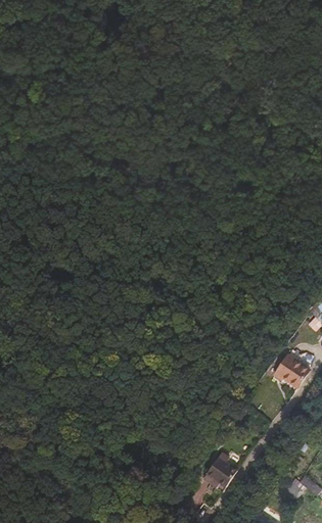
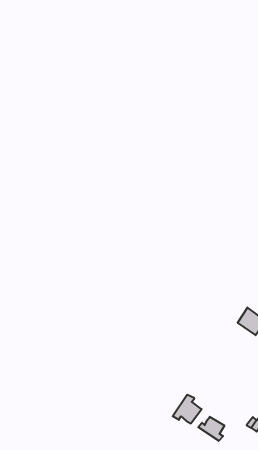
building: none -> [198,417,224,441]

